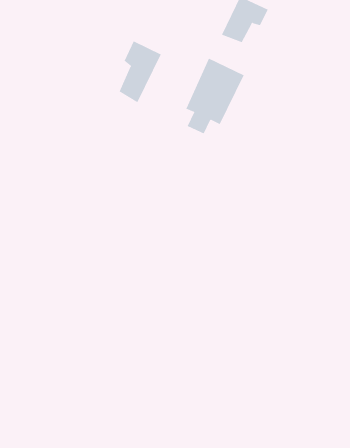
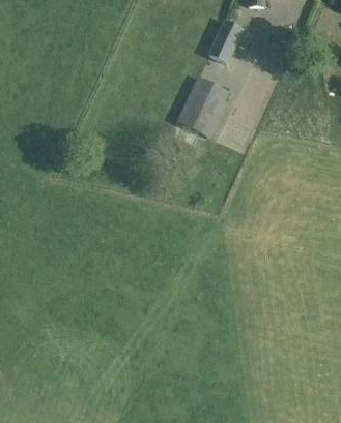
building: [119,40,162,103] -> none

